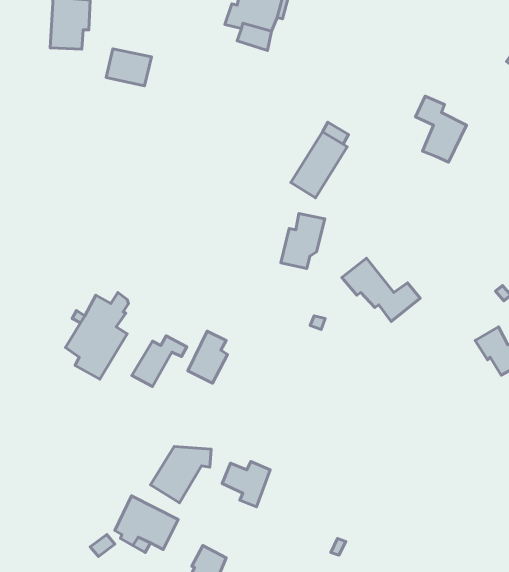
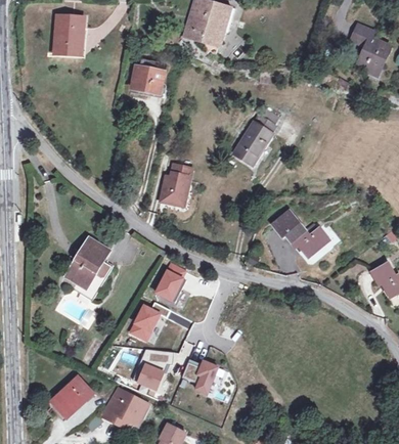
building: [106,49,151,86] -> [131,66,165,94]
building: [416,96,466,162] -> [352,25,390,74]
building: [281,213,325,268] -> [159,165,191,206]
building: [132,336,187,387] -> [130,303,171,341]
building: none -> [51,376,93,414]

